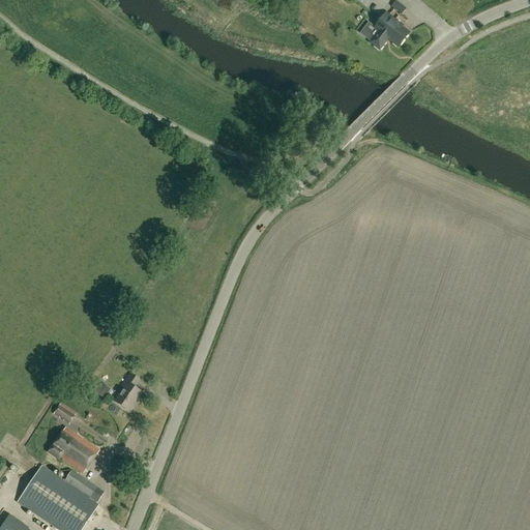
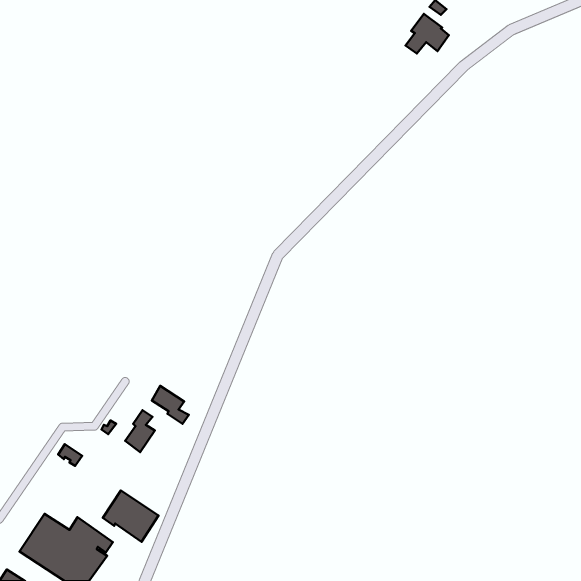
building: none -> [152,386,189,424]
building: [48,426,98,473] -> [103,491,159,542]

